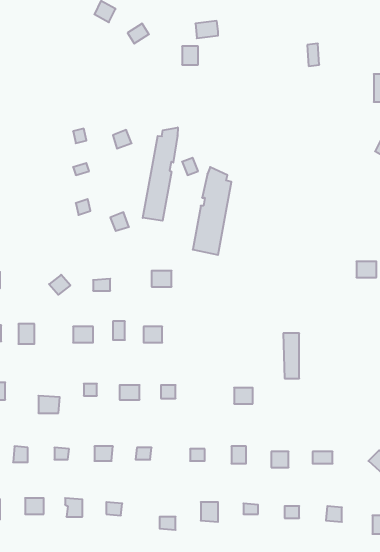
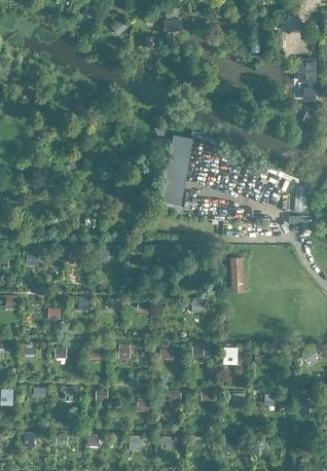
building: [143,127,178,221] -> none

